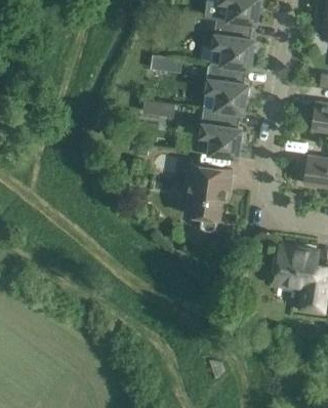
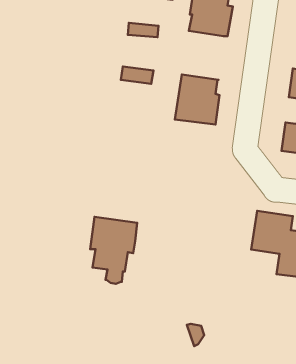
building: [203,64,247,114] -> none
building: [183,164,231,232] -> [90,217,137,284]

